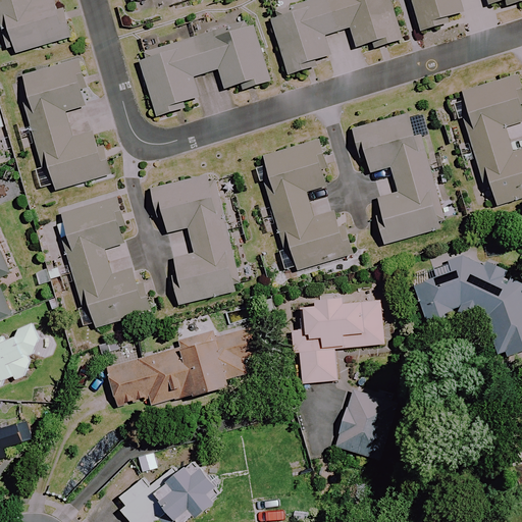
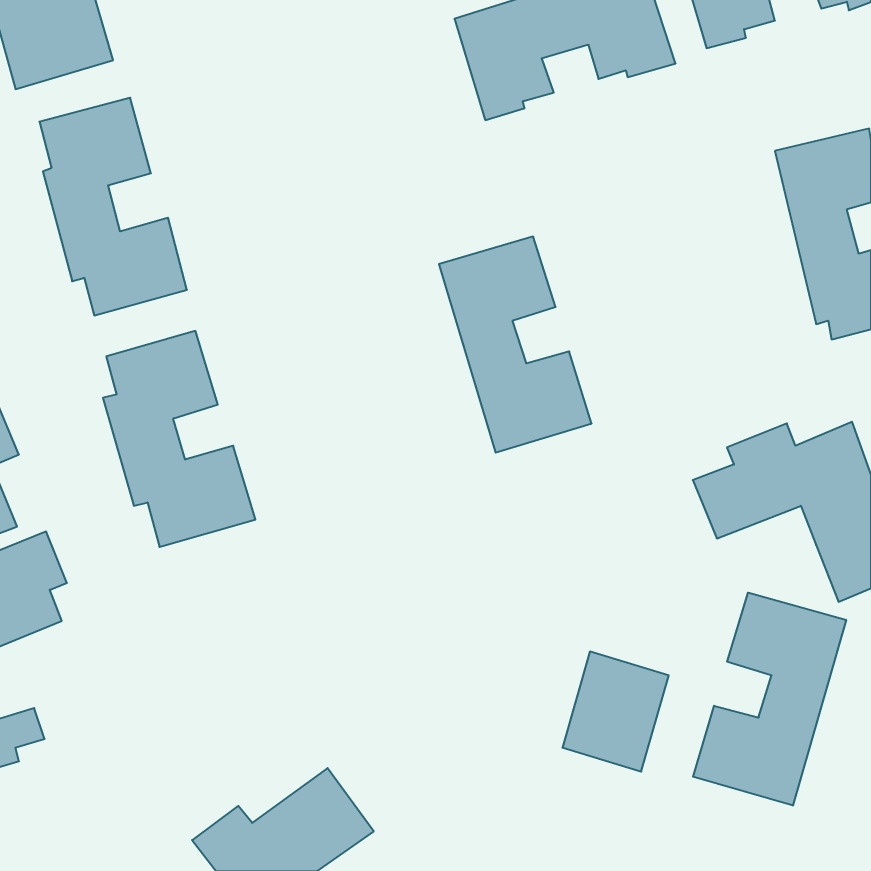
building: [139,19,271,117] -> none
building: [353,111,446,242] -> none
building: [151,173,241,301] -> none
building: [292,296,383,382] -> none
building: [106,322,259,405] -> none
building: none -> [693,593,846,806]

